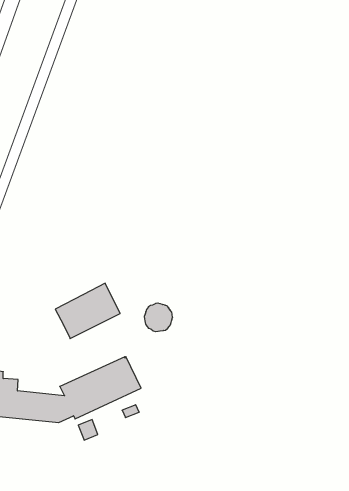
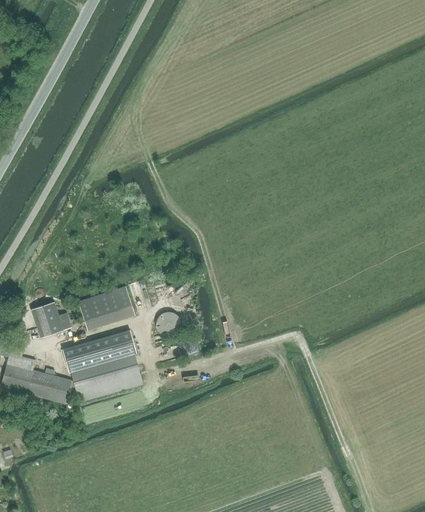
building: none -> [31,301,72,337]
building: none -> [62,328,137,371]

